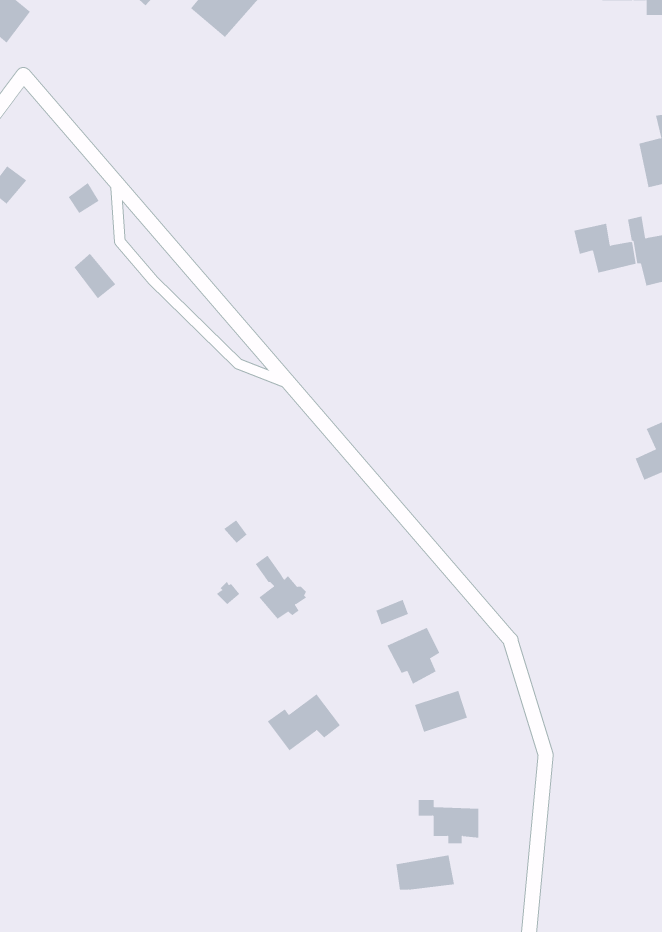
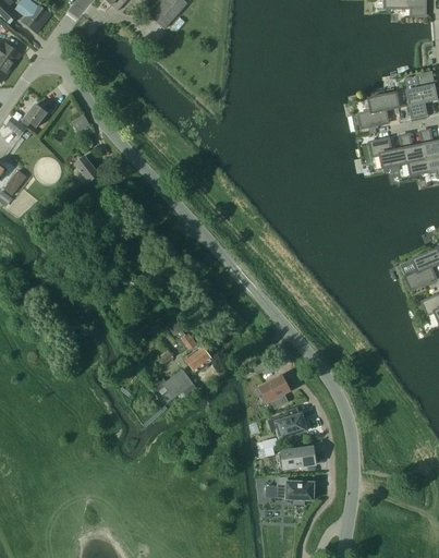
building: none -> [357,93,398,128]
building: [267,694,341,751] -> [153,368,196,402]
building: [396,855,455,890] -> [278,446,313,466]

